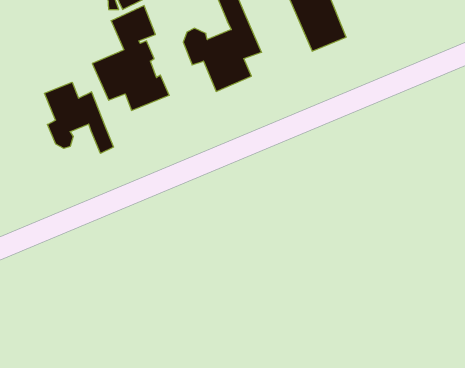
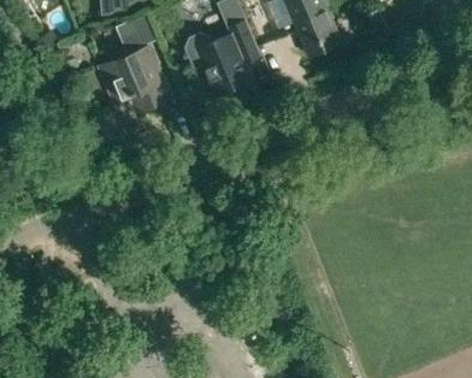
building: [45,82,114,153] -> none

